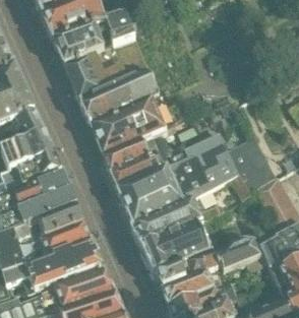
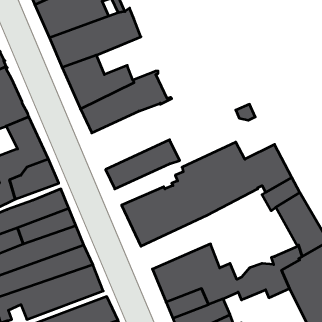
building: [89,96,184,154] -> none
building: [111,146,170,186] -> none
building: [134,195,220,243] -> none

